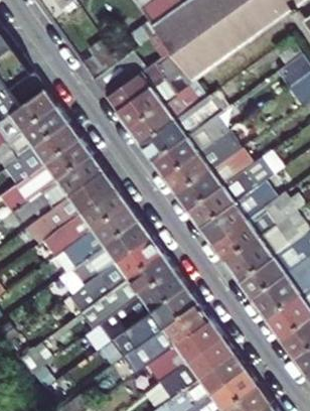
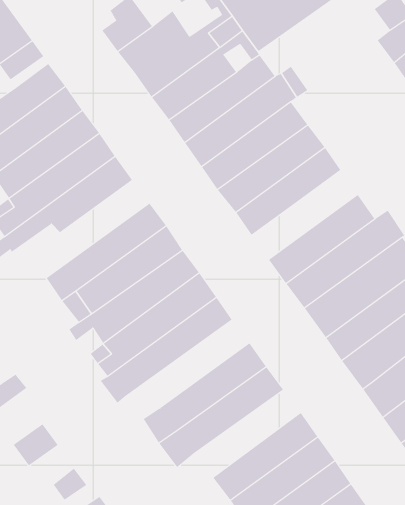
building: [187,157,271,227] -> none
building: [25,170,116,244] -> none
building: [99,269,186,339] -> none
building: [147,318,222,381] -> none

